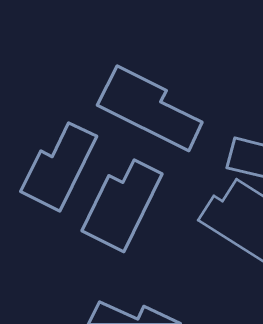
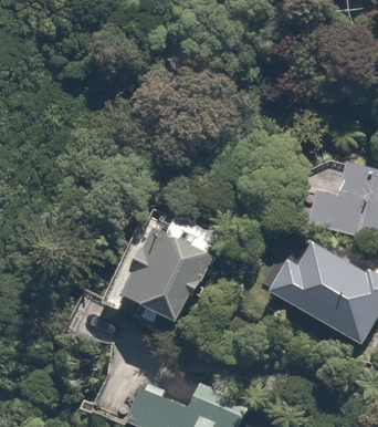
building: [97,66,202,151] -> none
building: [21,123,97,211] -> none

